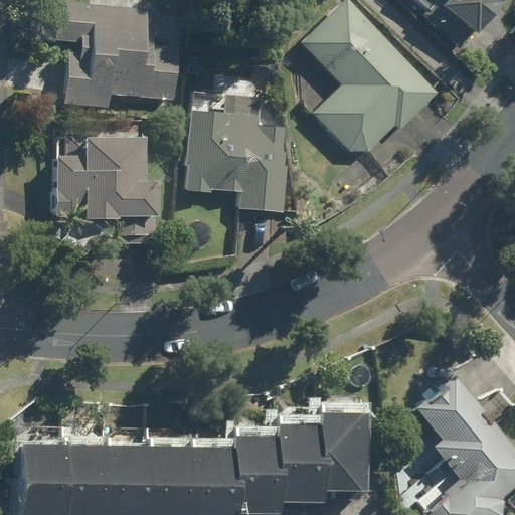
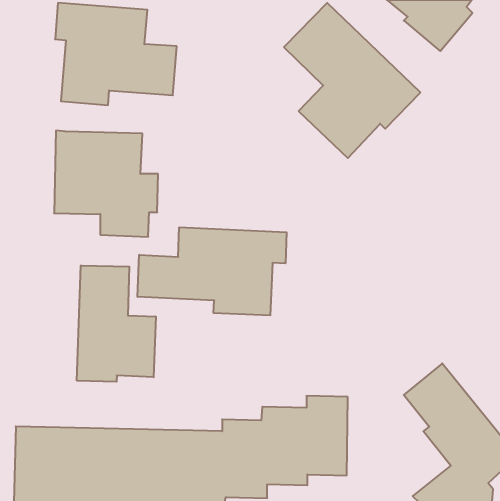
building: [189,95,287,212] -> none
building: none -> [138,227,287,315]
building: none -> [77,265,156,382]

